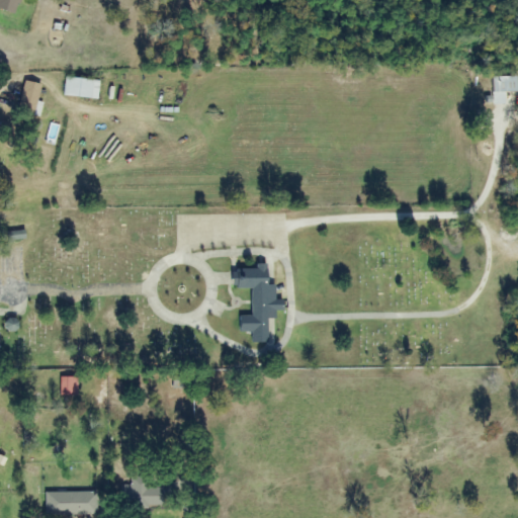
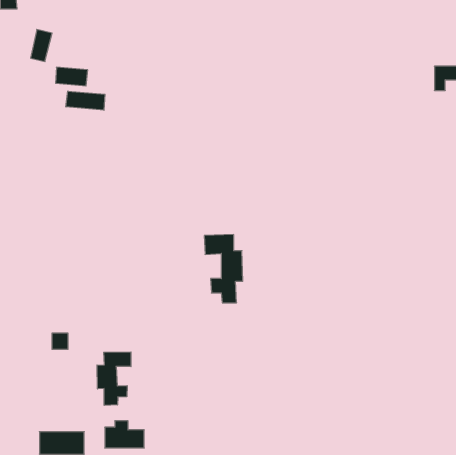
building: [18,79,42,115] -> [31,29,52,62]
building: none -> [66,91,105,110]
building: none -> [97,352,131,405]

